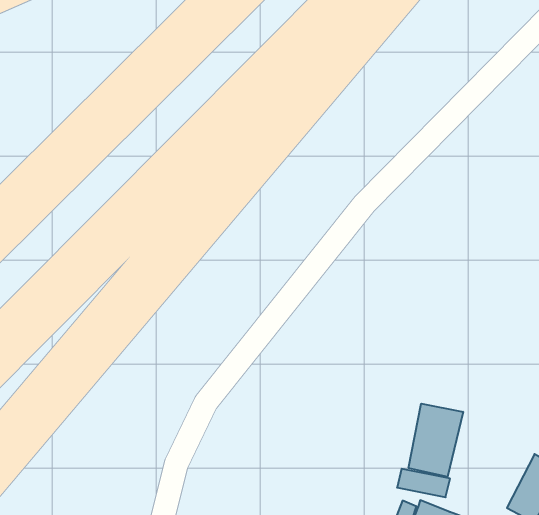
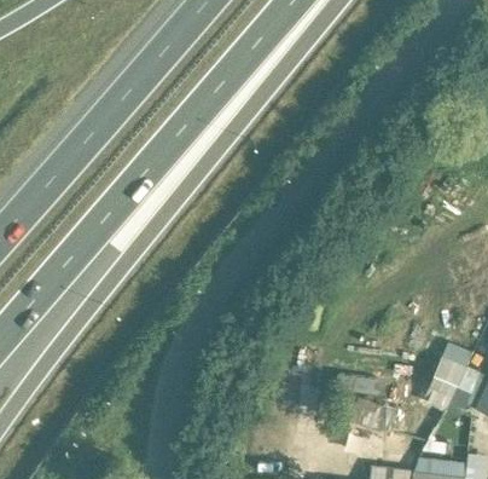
building: [408,404,463,477] -> none

